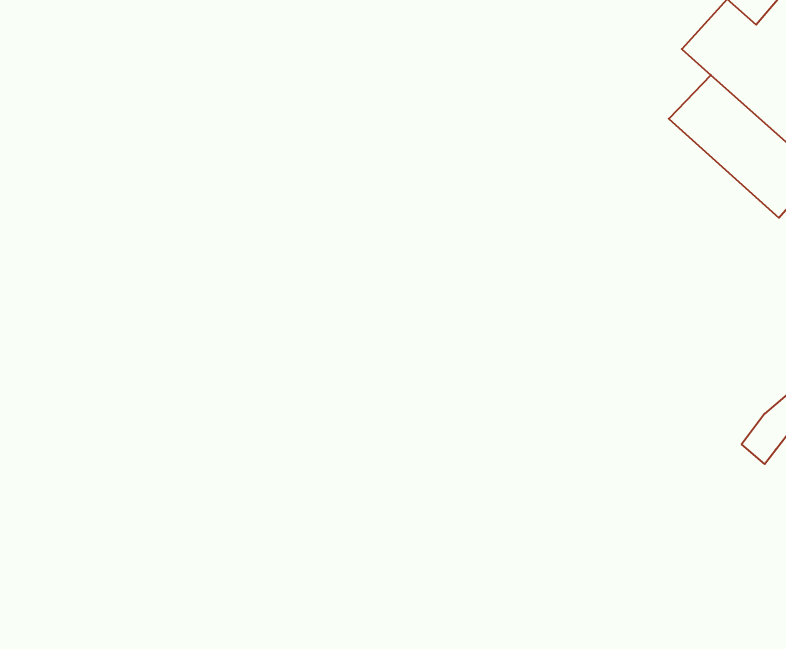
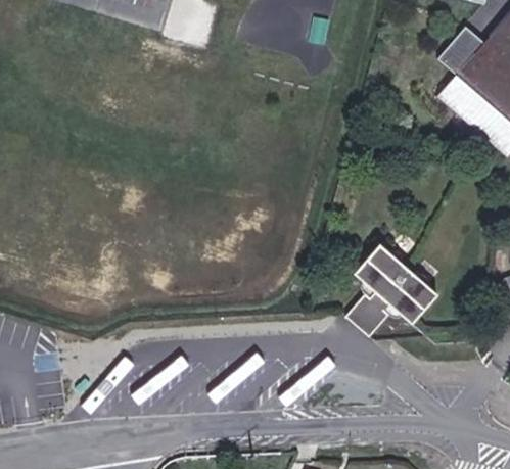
building: none -> [342,236,435,330]

